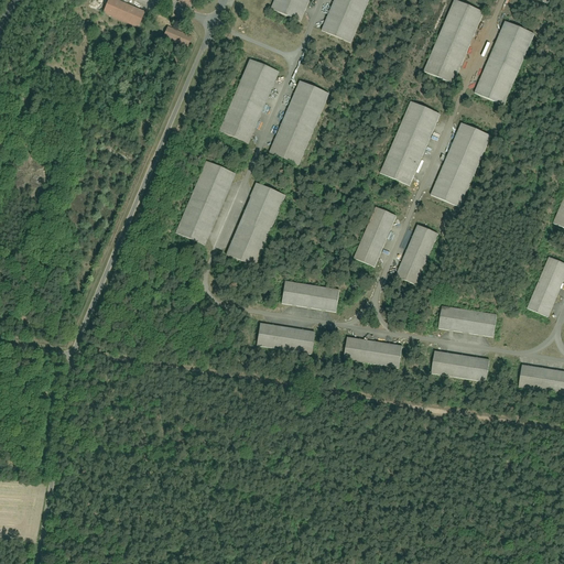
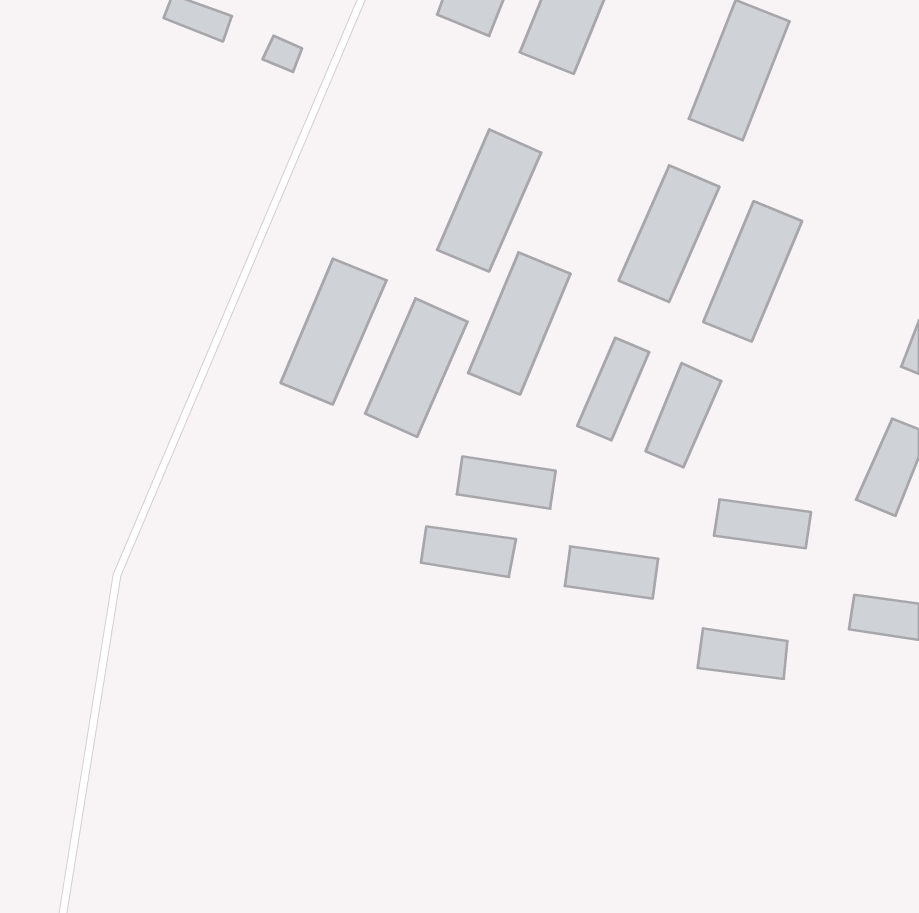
building: [473,21,535,109] -> none
building: [217,57,280,144] -> [468,252,571,394]
building: [433,349,488,380] -> [698,628,787,679]

